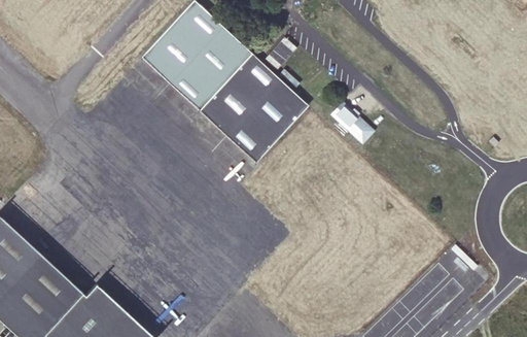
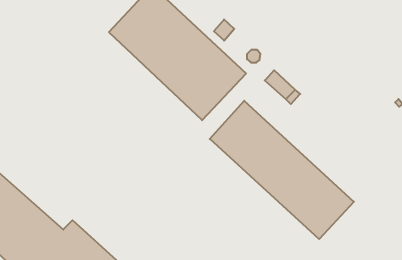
building: none -> [210,101,354,239]

